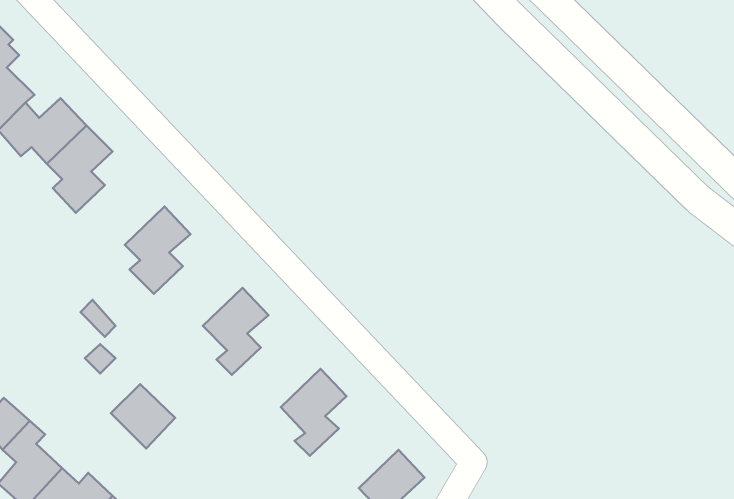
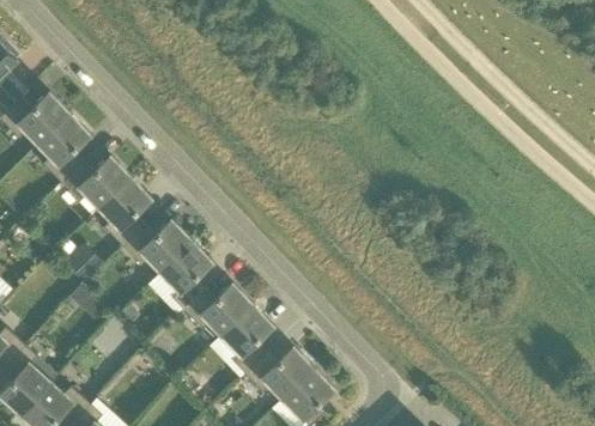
building: none -> [61,157,130,208]
building: none -> [122,220,192,272]
building: none -> [183,284,253,335]
building: none -> [244,347,314,398]

